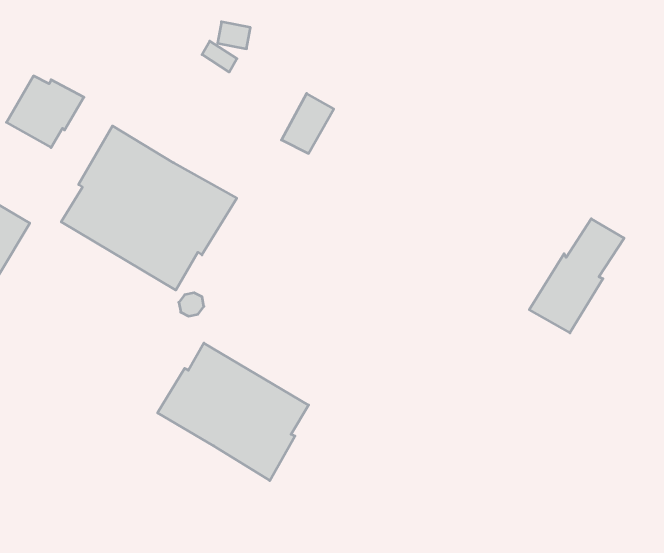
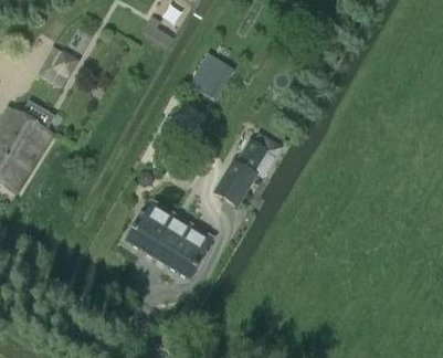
building: [61,126,237,290] -> none
building: [529,219,624,333] -> [213,139,267,204]

